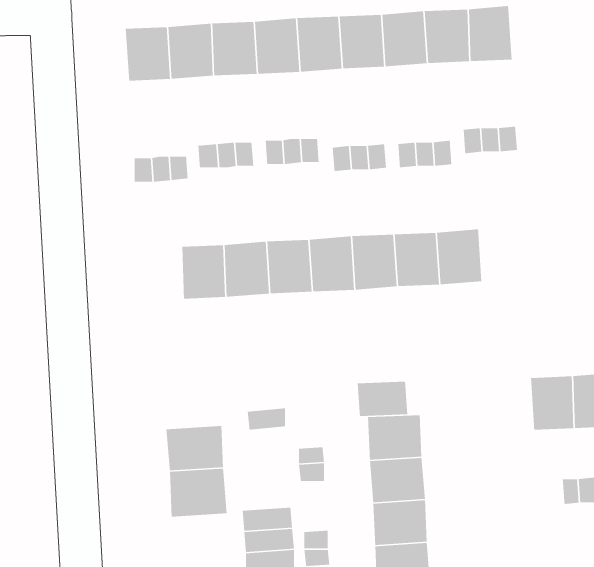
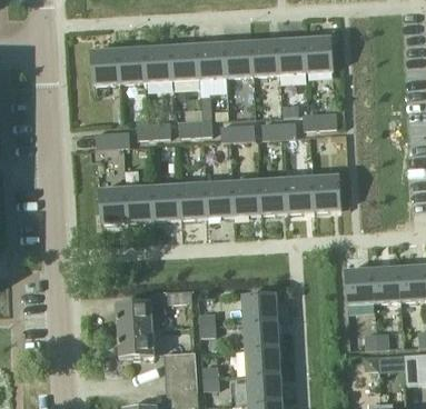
building: none -> [313,174,341,209]
building: none -> [99,187,127,221]
building: [357,381,408,417] -> none

